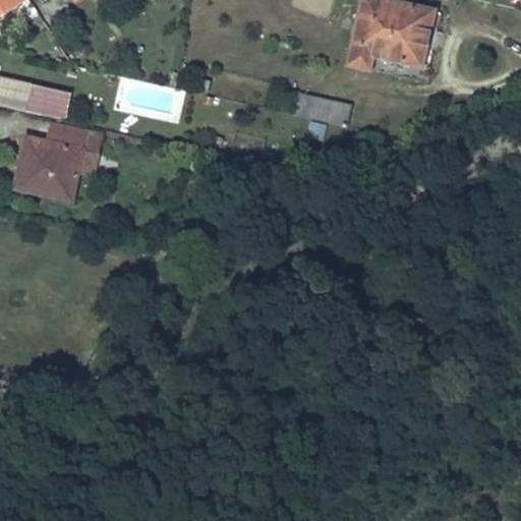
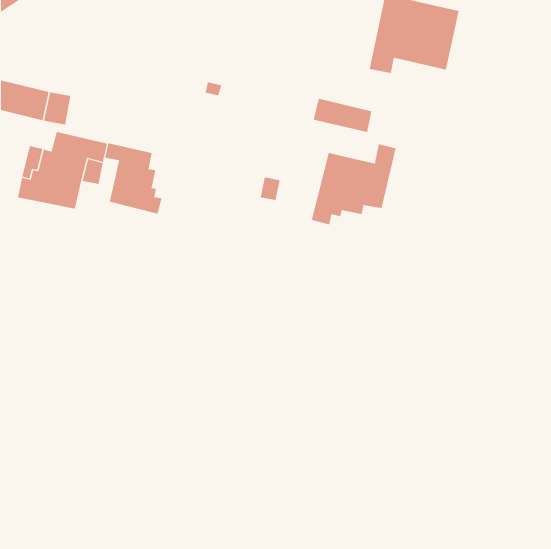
building: none -> [105,142,162,214]
building: none -> [311,143,396,225]

